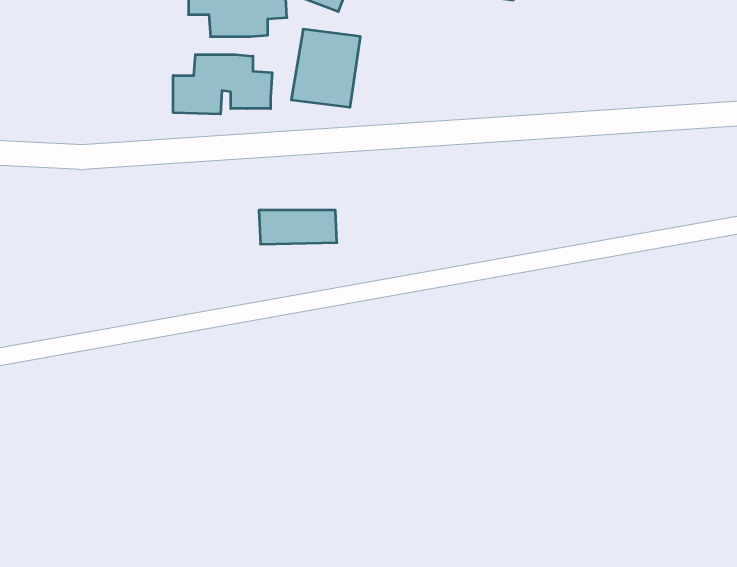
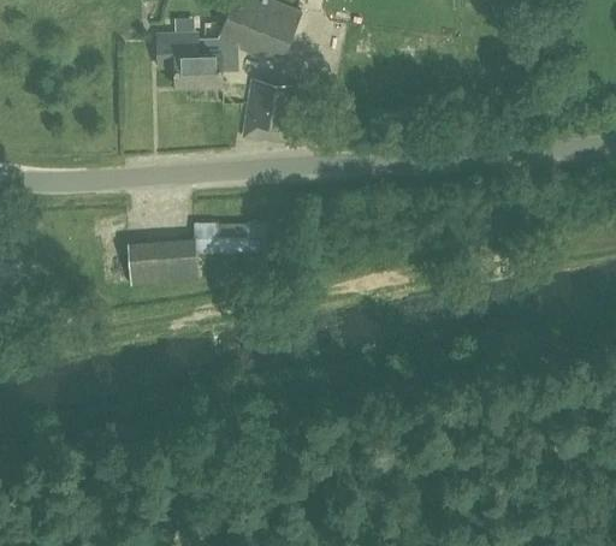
building: [173,55,272,114] -> none
building: none -> [128,239,197,284]

